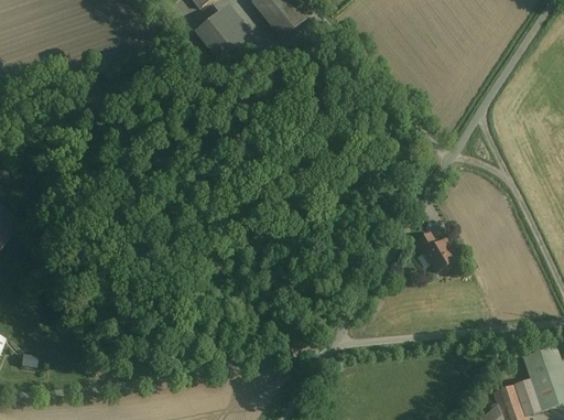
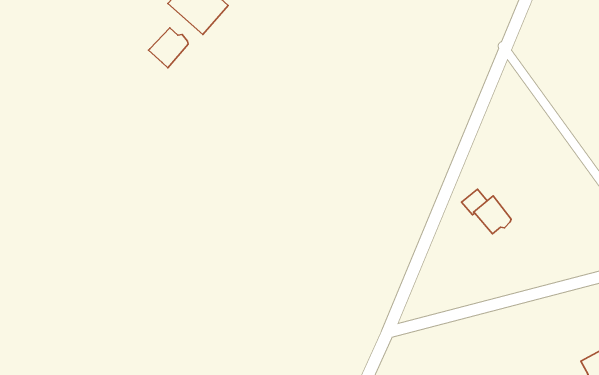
building: none -> [148,28,188,68]

